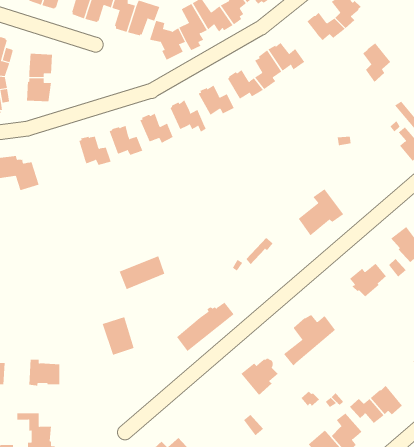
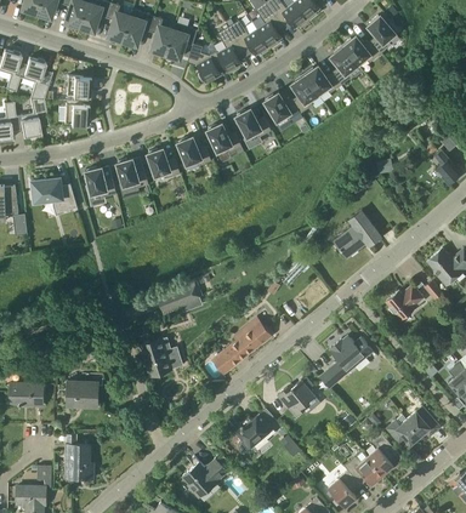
building: [362,42,391,83] -> [330,45,359,85]
building: none -> [85,167,117,198]
building: none -> [234,414,272,455]

